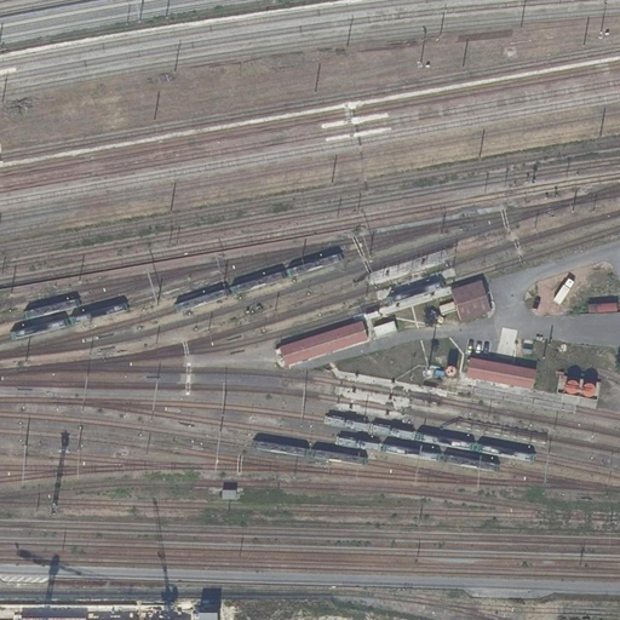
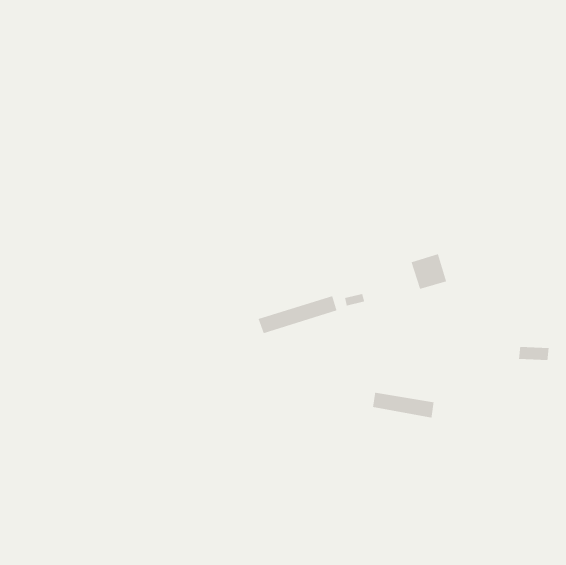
building: [464,357,532,386] -> [372,392,434,419]

